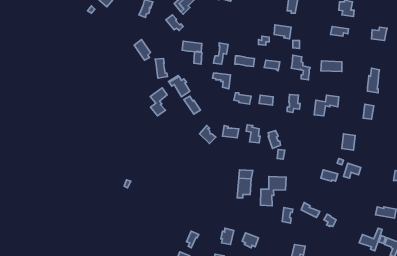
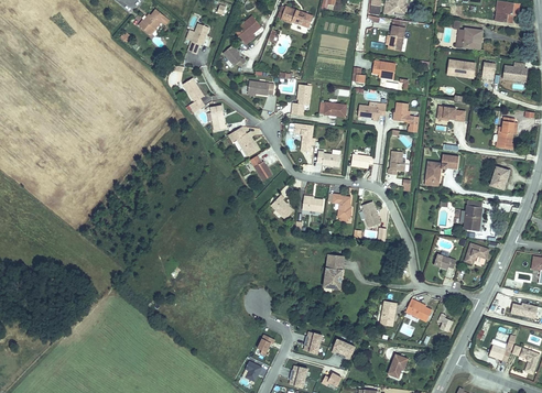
building: [150,88,167,116] -> none
building: [261,176,286,206] -> none

